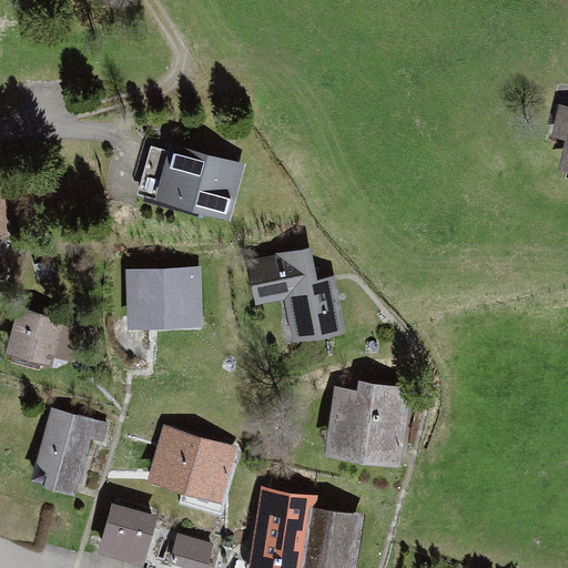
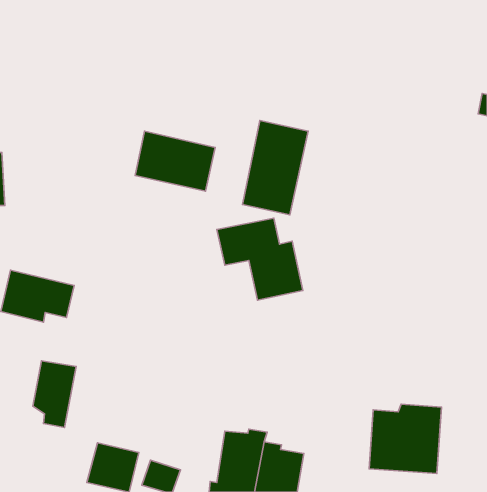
building: none -> [242,120,308,215]
building: [125,267,203,332] -> none
building: [328,381,412,460] -> [369,404,442,474]
building: [141,420,233,498] -> none

